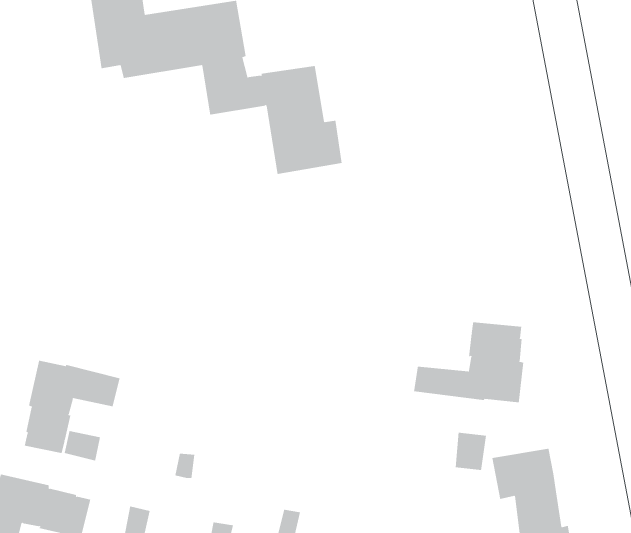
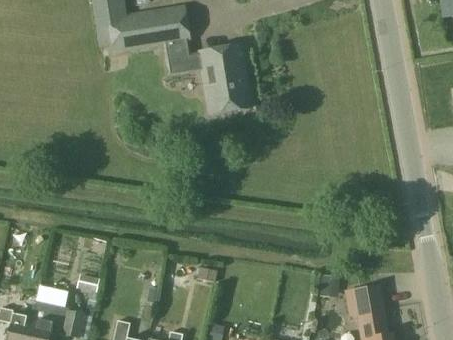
building: [414,322,524,403] -> none
building: [24,360,120,454] -> none

